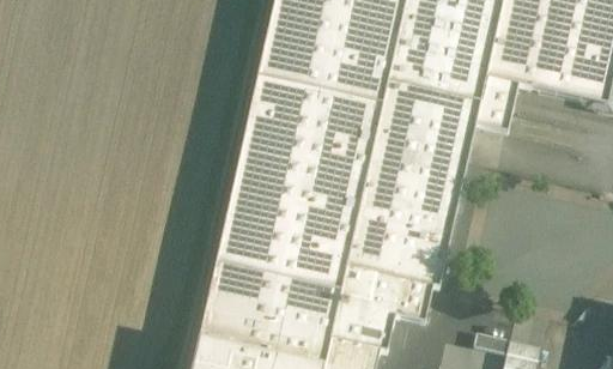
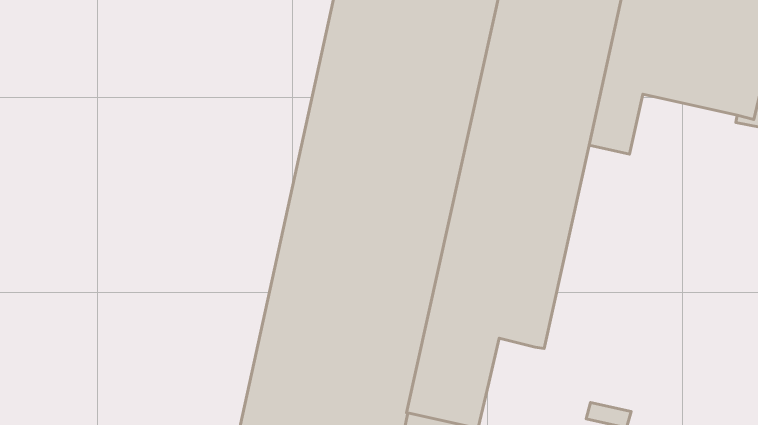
building: [395,280,432,323] -> none

